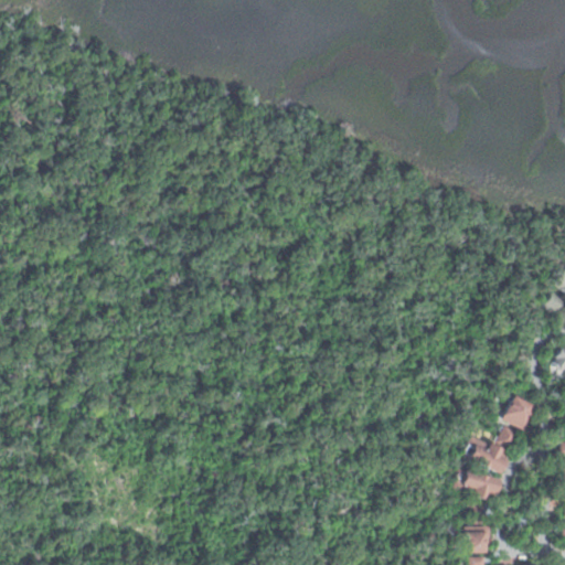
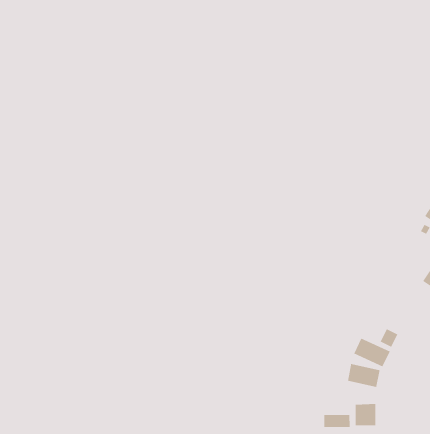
building: [505,394,540,428] -> none
building: none -> [323,414,350,428]

